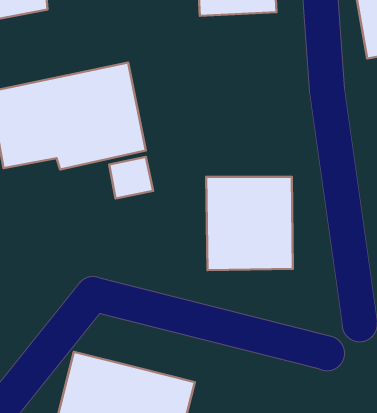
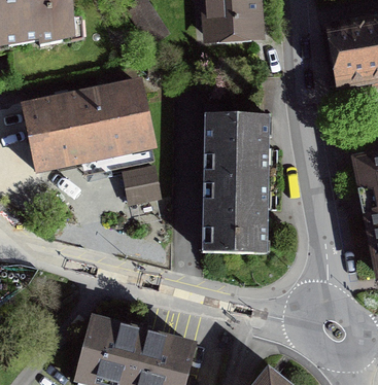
building: none -> [203,110,273,176]

